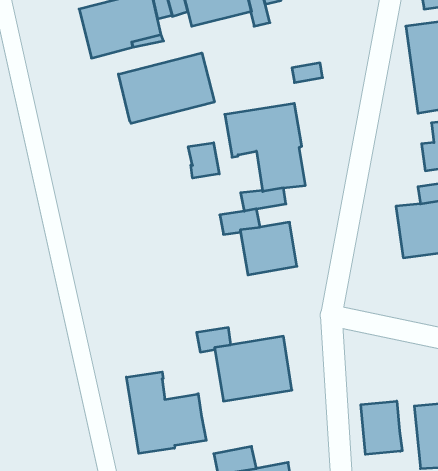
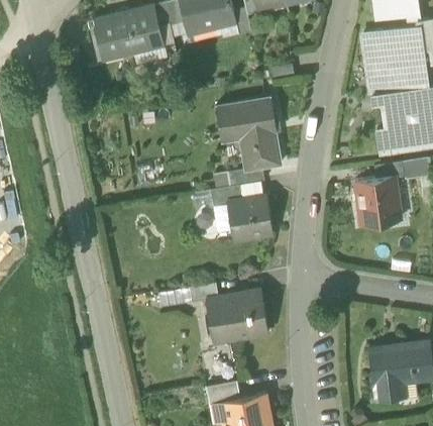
building: [118,53,214,123] -> none
building: [188,143,219,178] -> none
building: [126,372,206,453] -> none
building: [361,401,402,454] -> none

